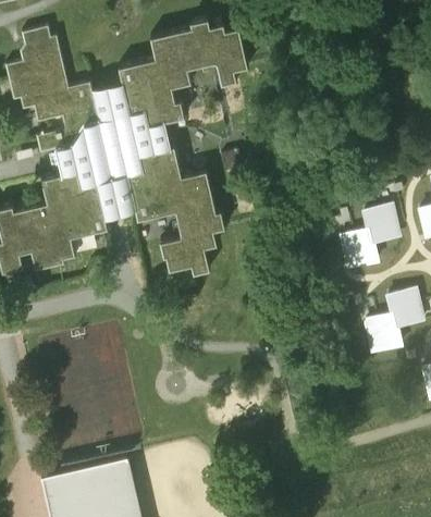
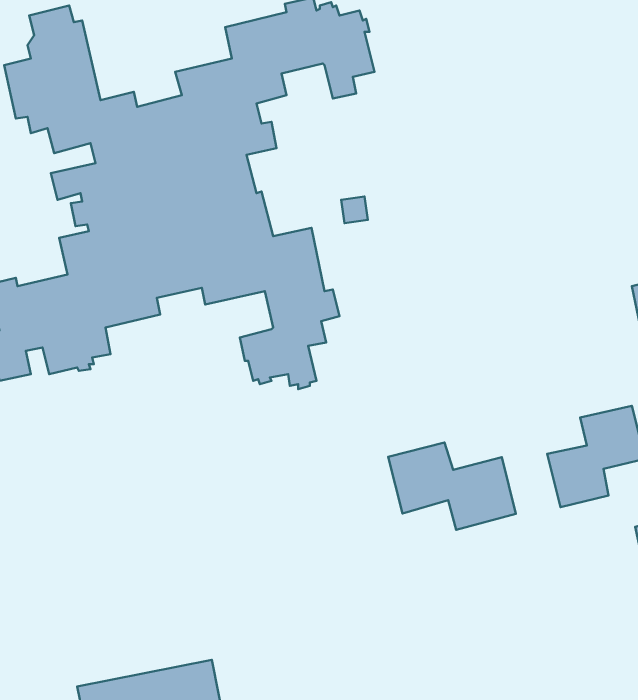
building: [338,205,401,272] -> none
building: none -> [388,442,516,530]

